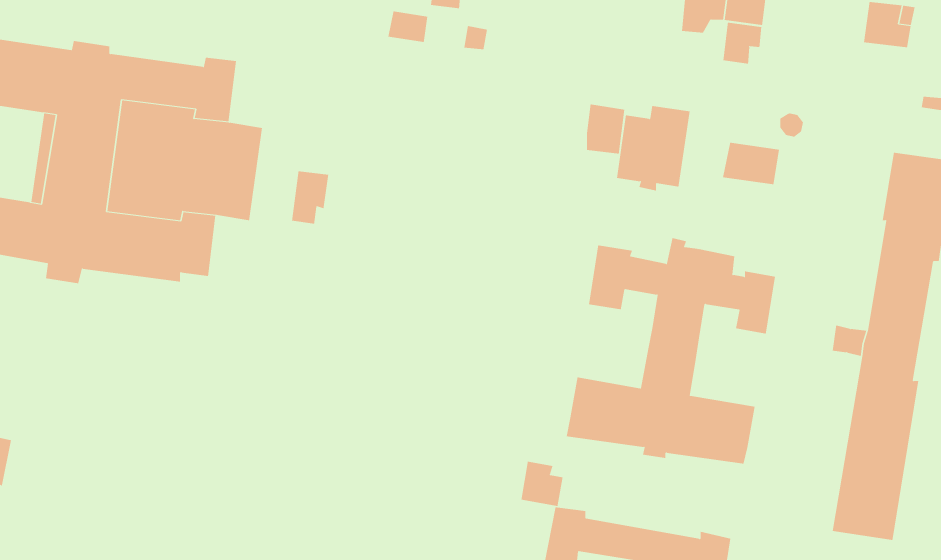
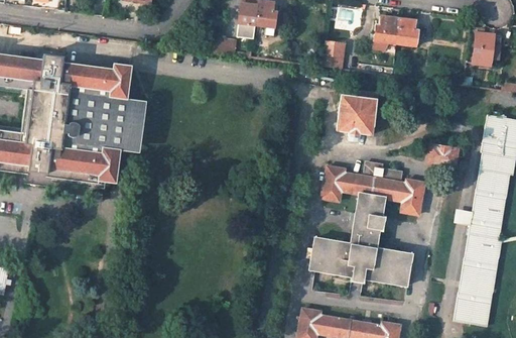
building: [723,22,762,65] -> none
building: [586,104,625,154] -> [321,42,343,70]
building: [722,142,780,185] -> [426,143,458,166]
building: [292,171,329,224] -> none
building: [521,461,563,507] -> none

